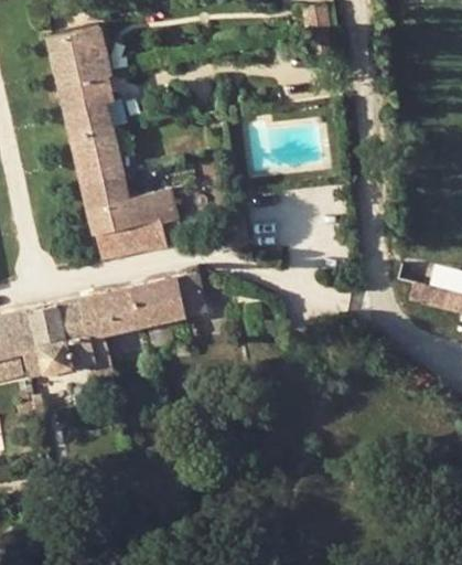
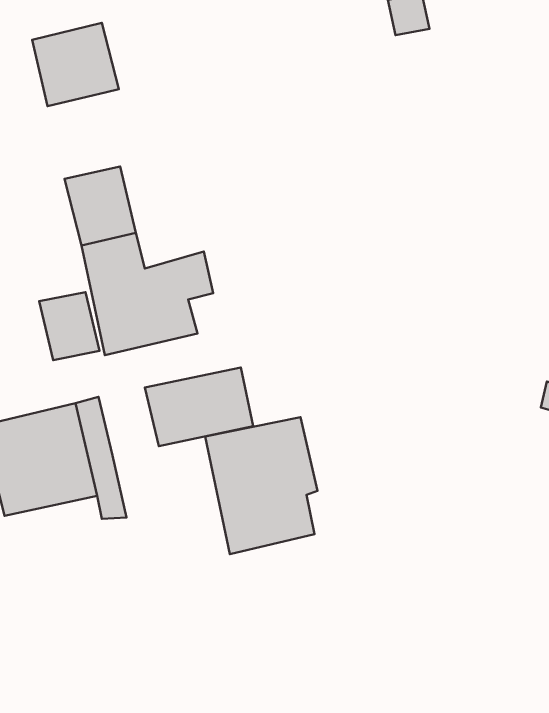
building: [60,75,111,137] -> none
building: [96,286,139,334] -> [39,292,99,360]
building: none -> [205,417,317,554]

